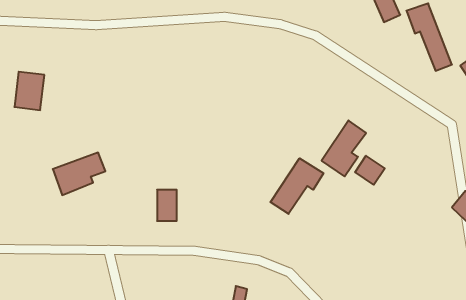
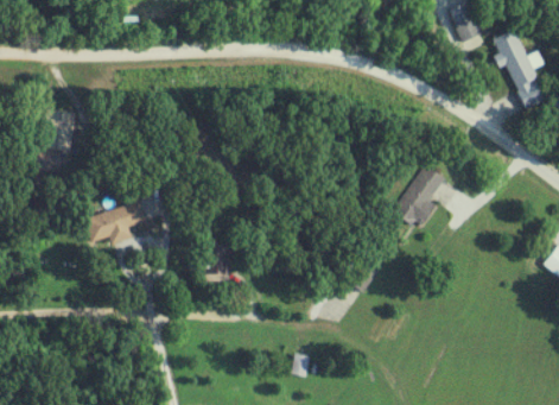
building: [355,156,385,185] -> none
building: [270,158,323,214] -> none

